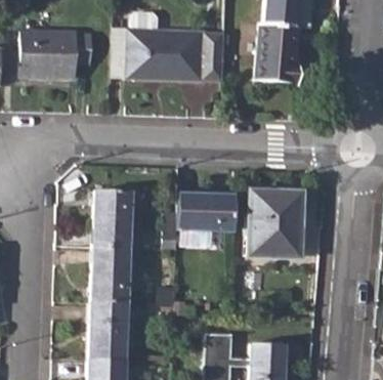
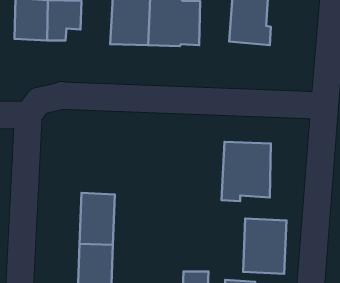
building: [93,189,131,248] -> none
building: [178,194,235,230] -> none
building: none -> [243,219,286,274]

